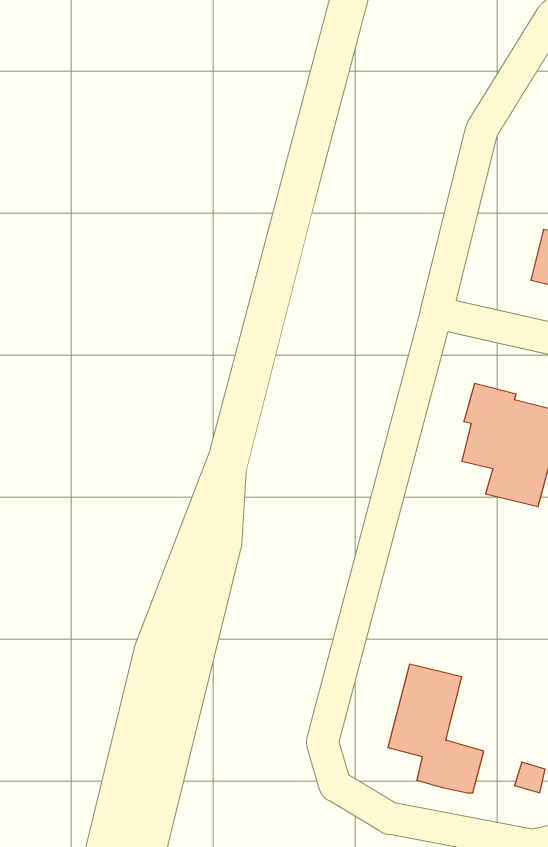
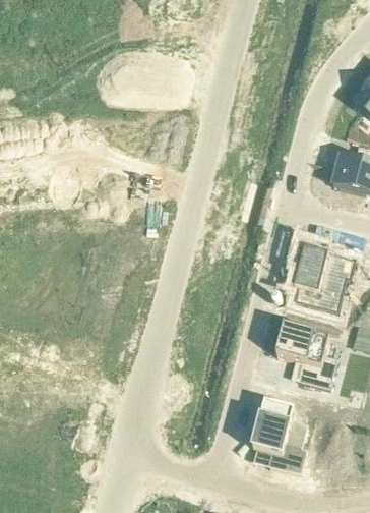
building: none -> [275,325,336,387]

